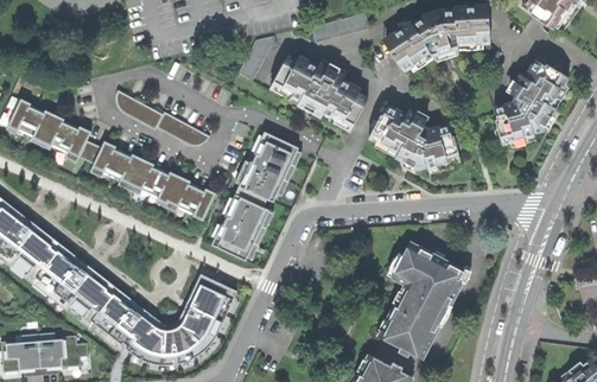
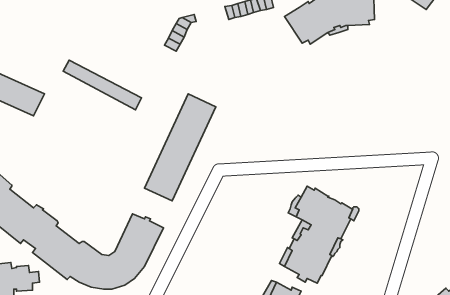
building: [269,56,367,132] -> none
building: [493,59,567,146] -> none
building: [367,104,458,173] -> none
building: [91,140,218,224] -> none

